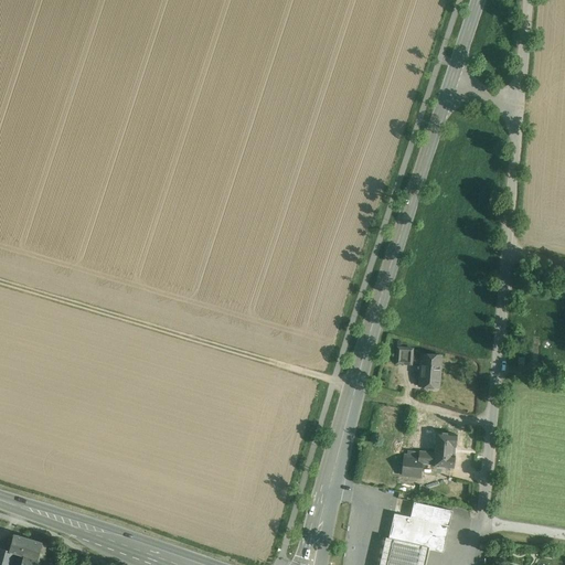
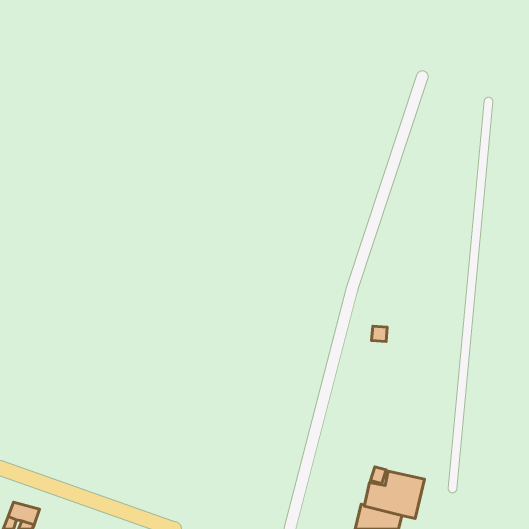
building: [418,354,441,387] -> none
building: [402,433,456,477] -> none

